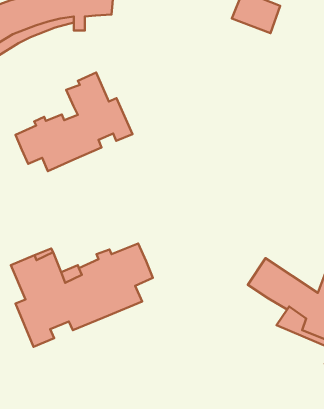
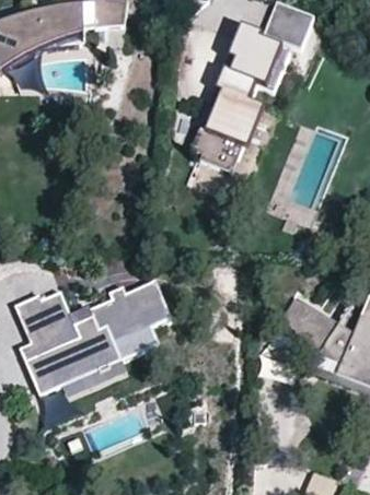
building: none -> [192,32,290,173]
building: [16,73,133,171] -> none
building: none -> [58,360,128,397]

